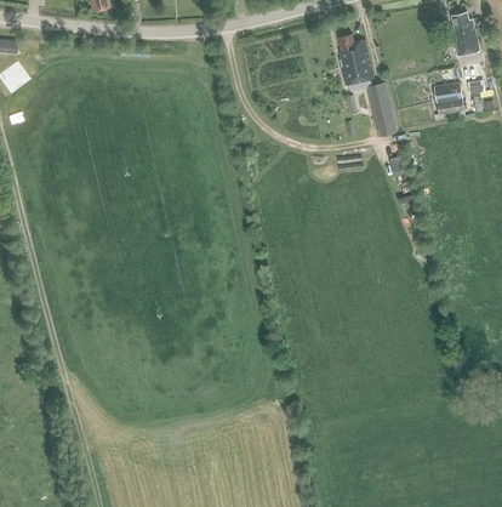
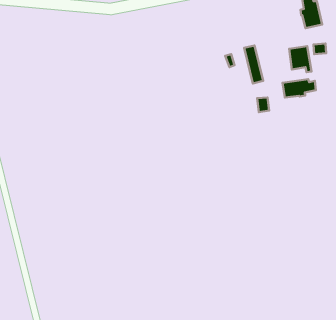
building: [337,34,373,85] -> none
building: none -> [283,79,316,97]

